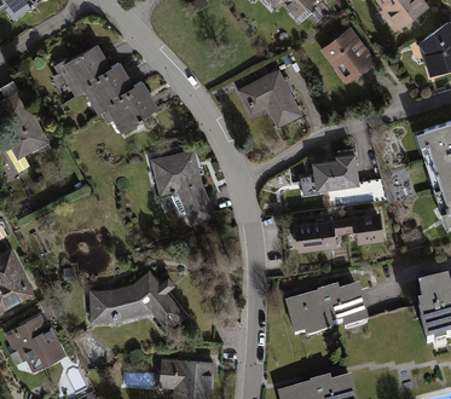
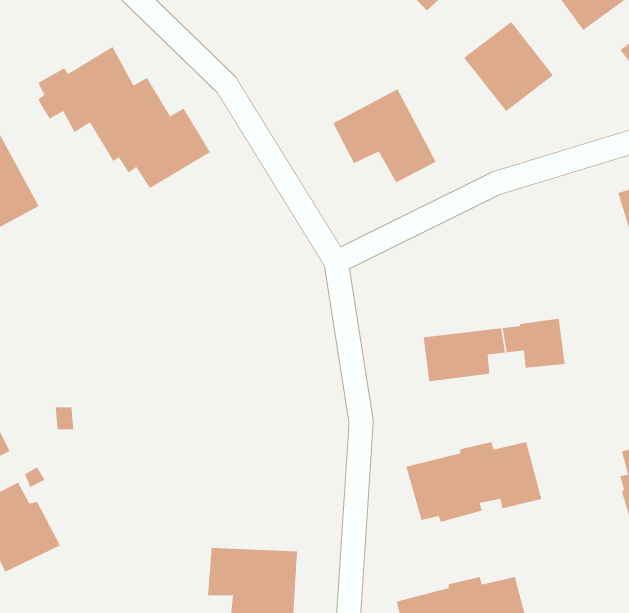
building: [150,149,215,227] -> none
building: [300,154,359,196] -> none
building: [88,270,187,332] -> none

